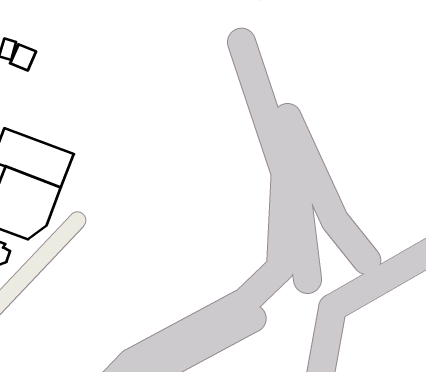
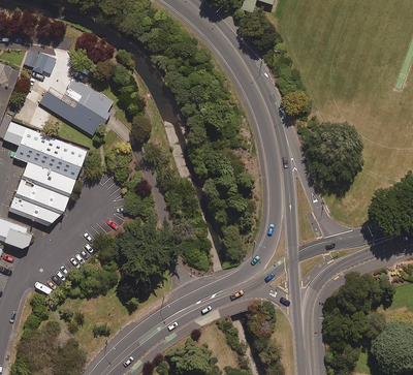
building: none -> [35,73,114,136]

